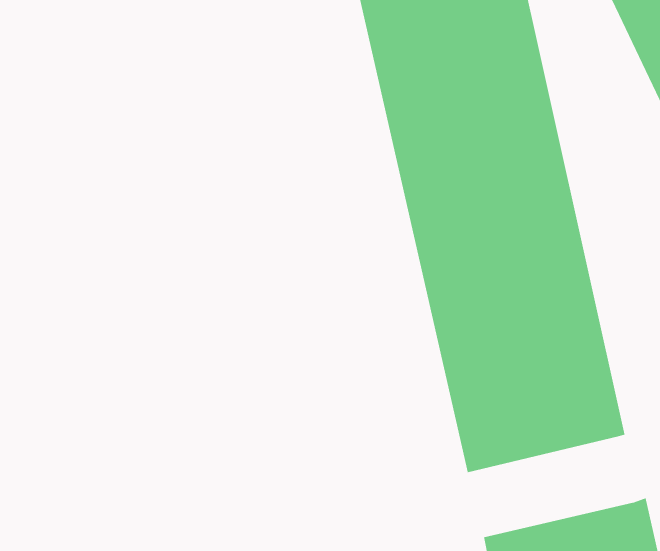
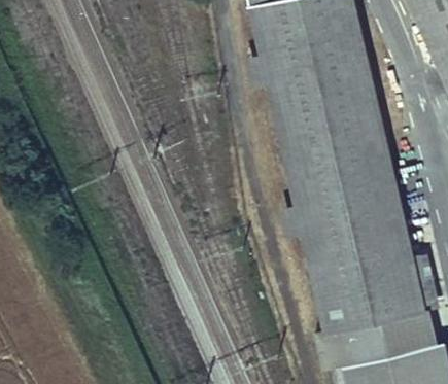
building: none -> [321,304,429,369]

